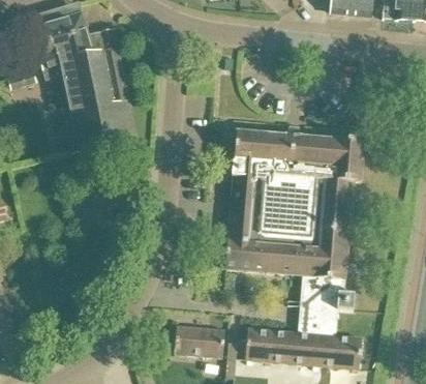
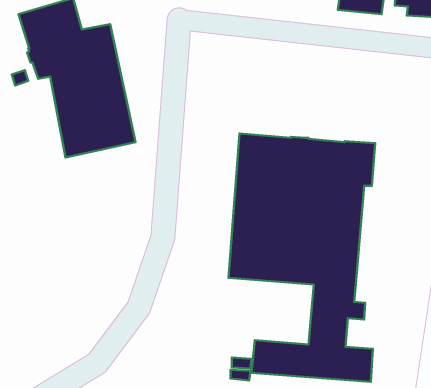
building: [174,326,224,357] -> none

